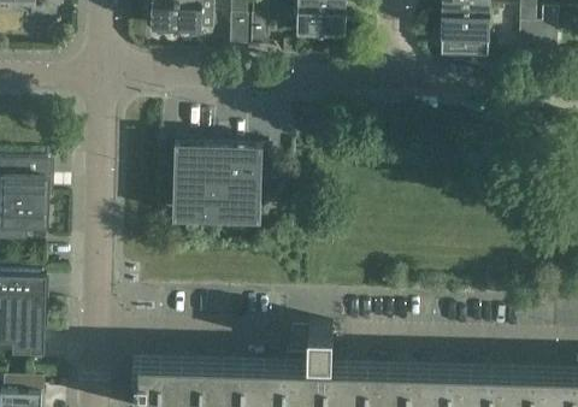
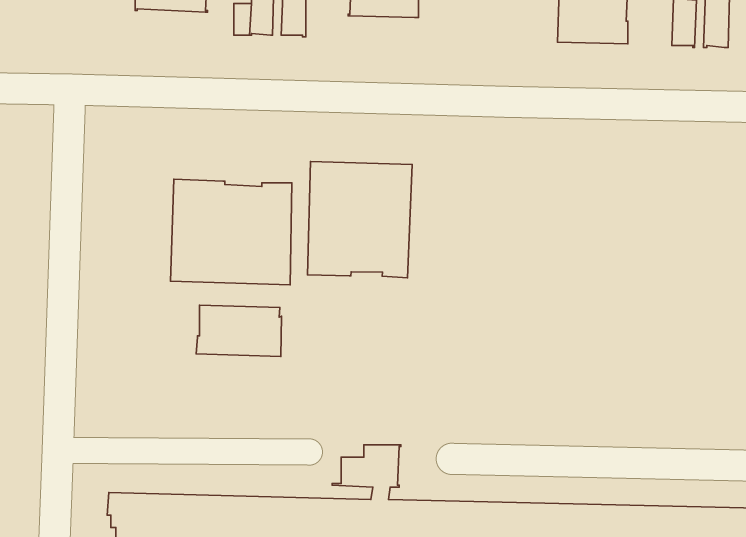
building: none -> [308,161,412,278]
building: none -> [196,305,281,356]

